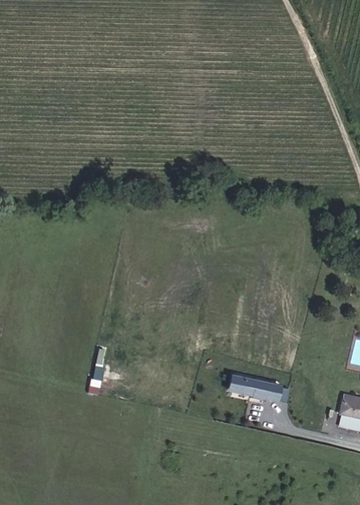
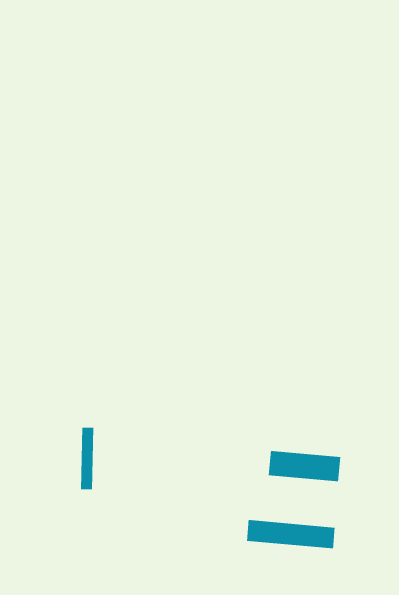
building: none -> [246,519,335,549]

